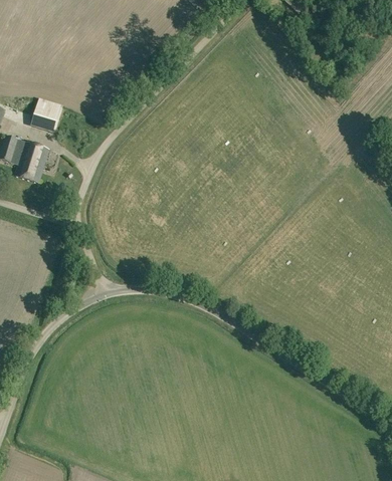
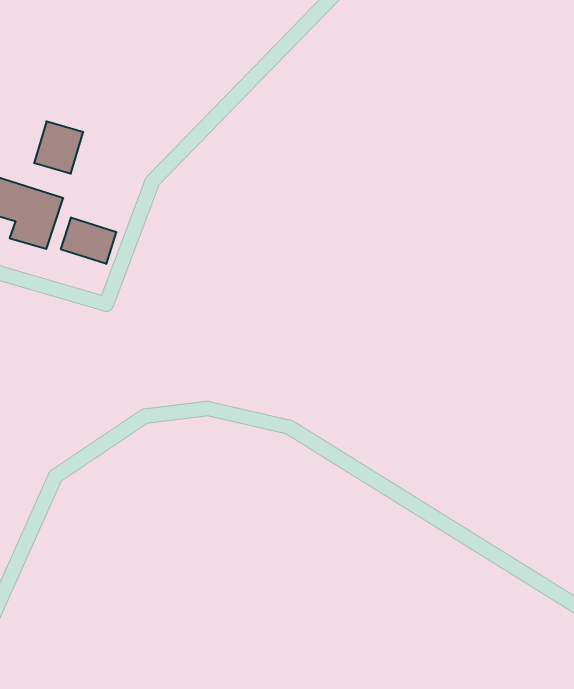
building: none -> [61,217,116,264]

